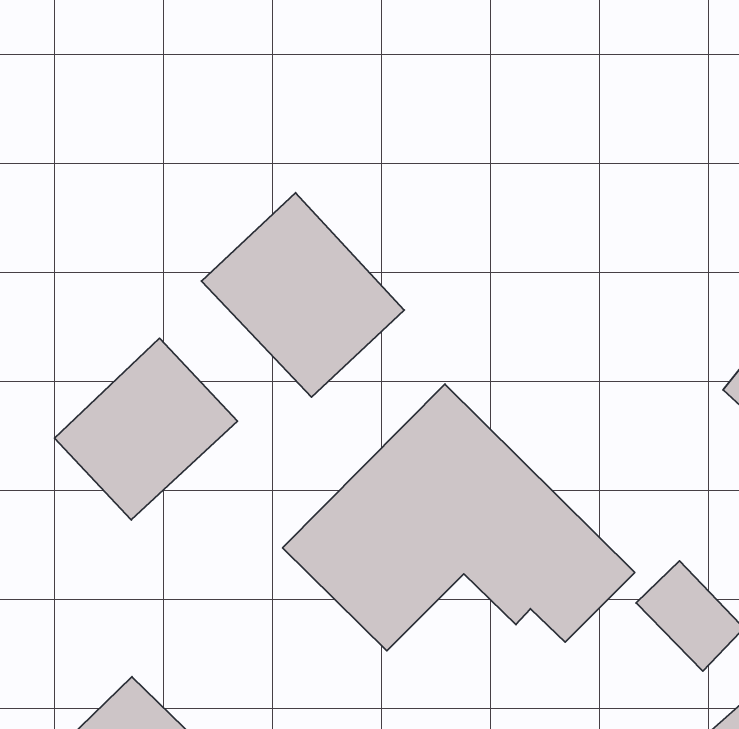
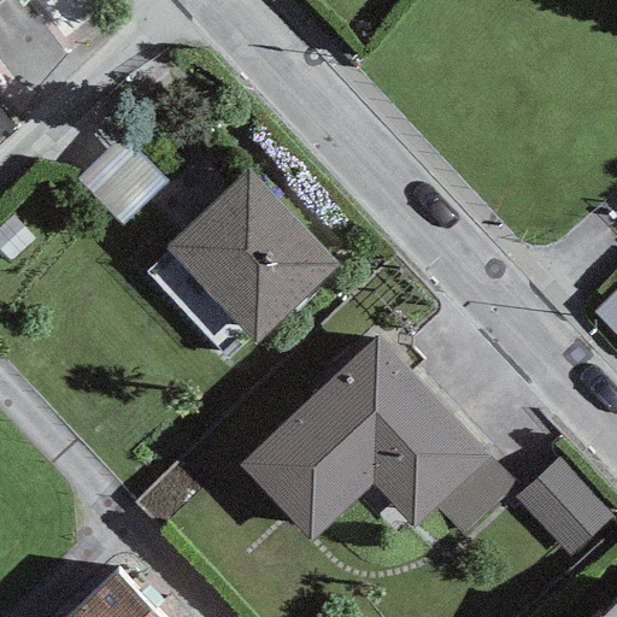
building: [55,338,237,520] -> none

